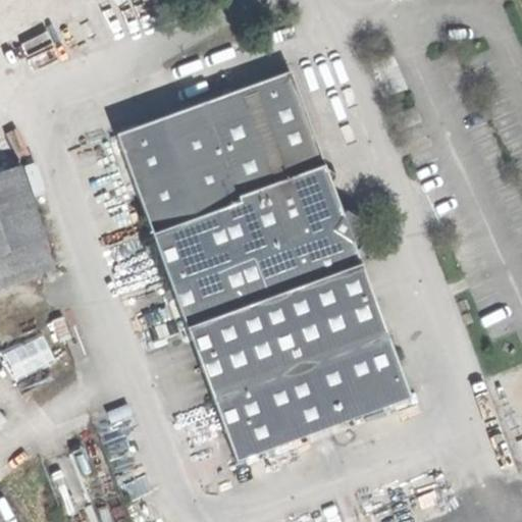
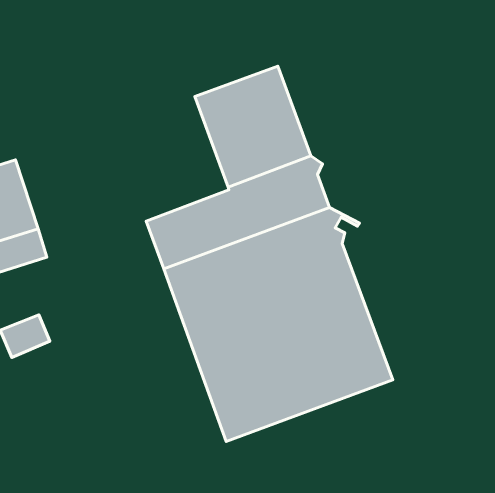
building: [117,101,240,231] -> none

